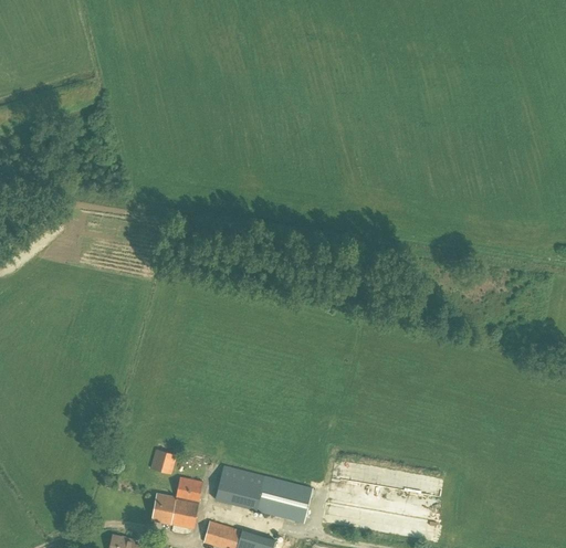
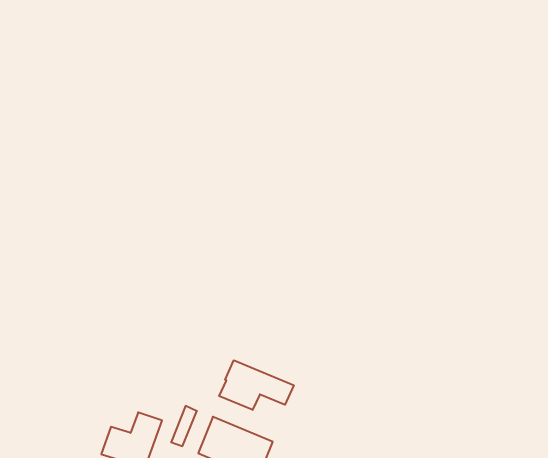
building: none -> [219,360,294,410]
building: [150,450,177,475] -> none

